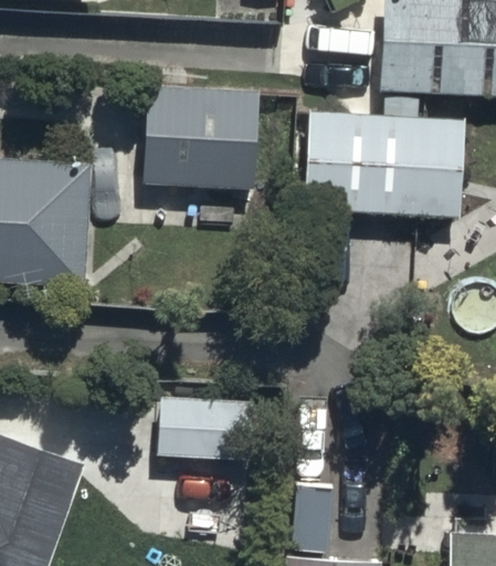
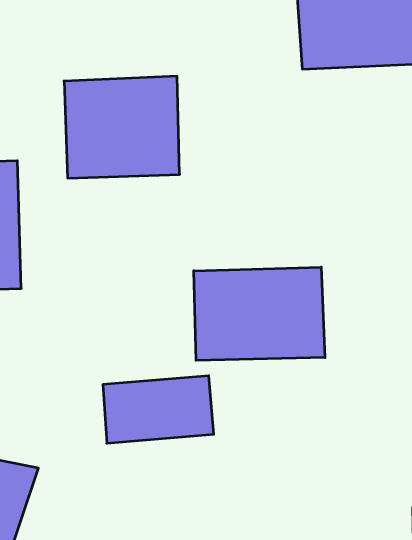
building: [303,112,464,217] -> none
building: none -> [194,267,325,360]

